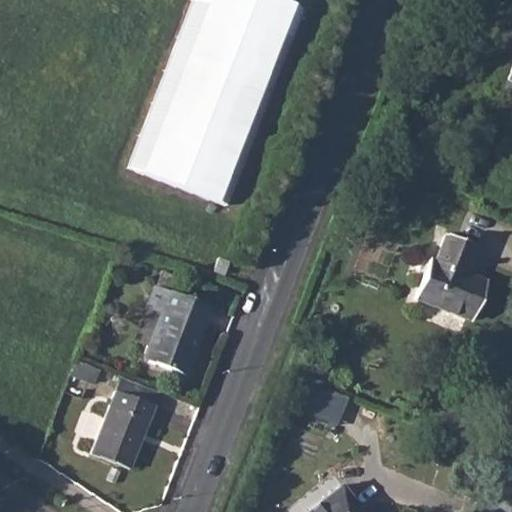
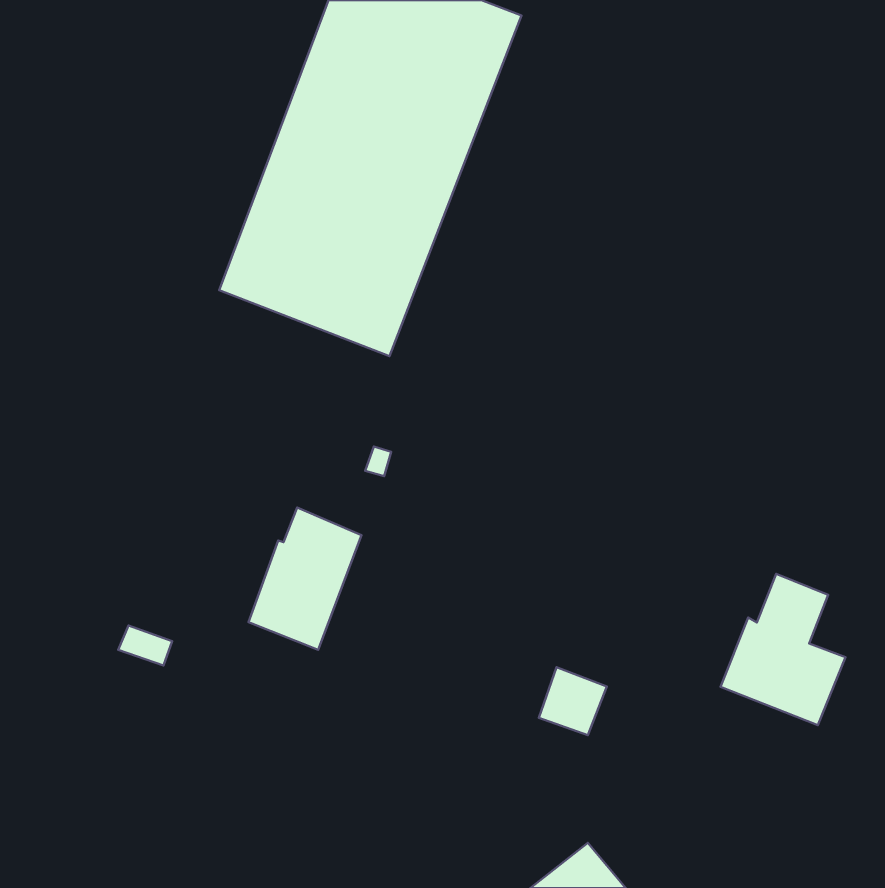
building: [416,232,488,319] -> [720,574,846,725]
building: [91,390,155,468] -> none

